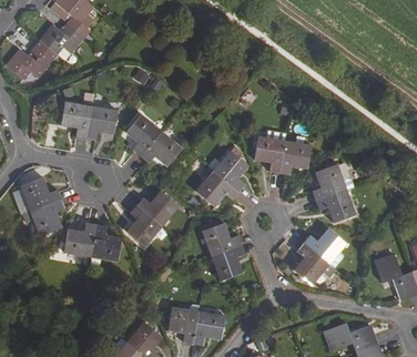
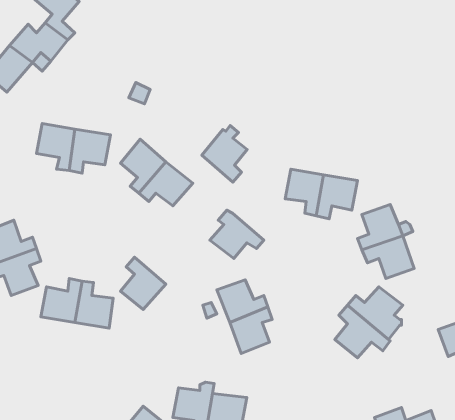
building: [213,147,248,192] -> [202,125,247,182]
building: [136,191,177,226] -> none

